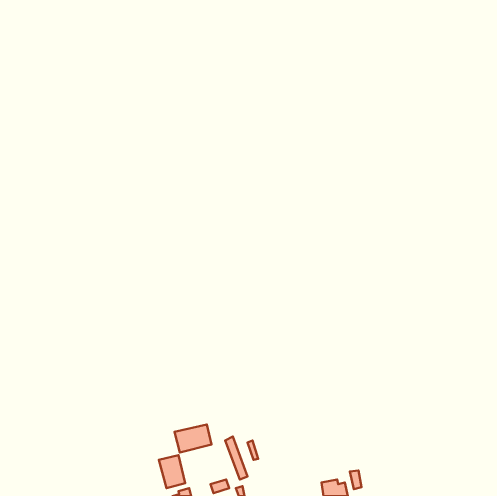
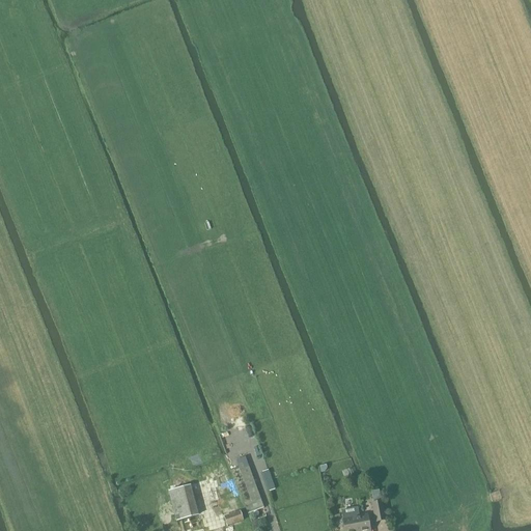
building: [175,425,211,453] -> none

